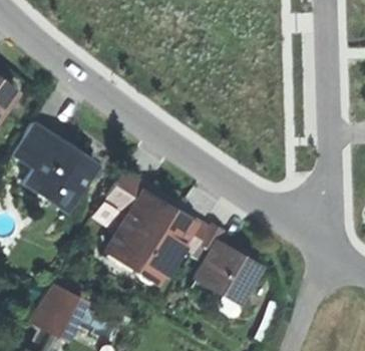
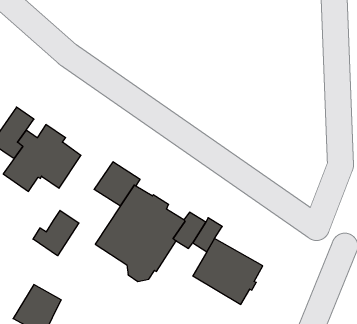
building: none -> [33,210,79,256]

